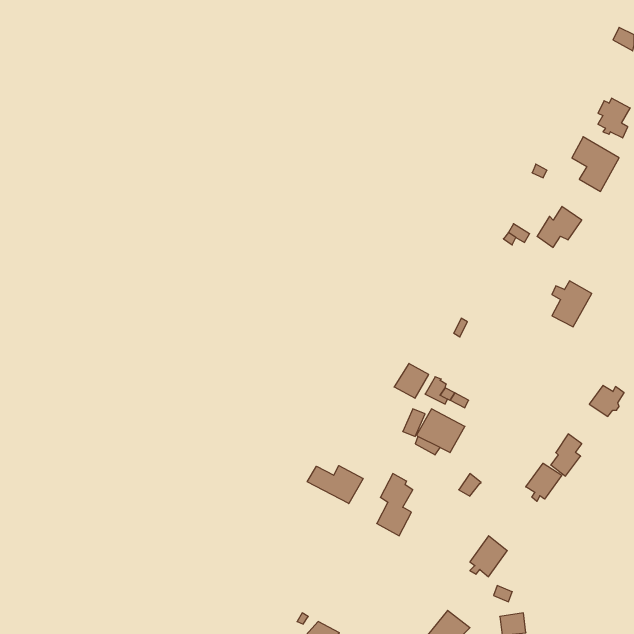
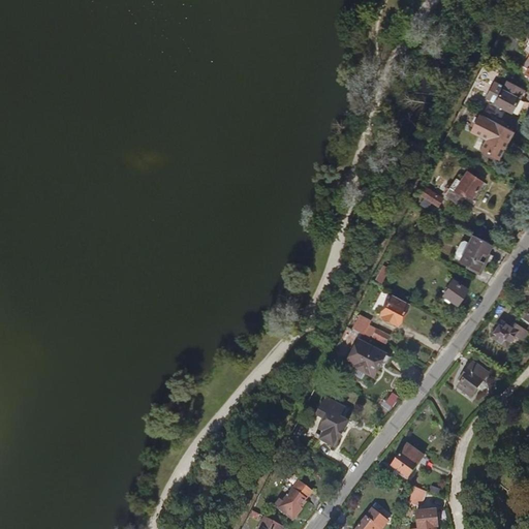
building: none -> [442,277,470,306]
building: [394,363,429,398] -> [379,294,408,323]
building: [526,463,562,501] -> none
building: [307,466,363,504] -> none
building: none -> [274,480,310,519]

